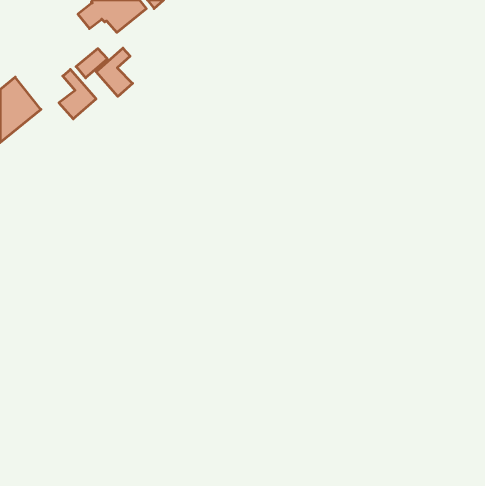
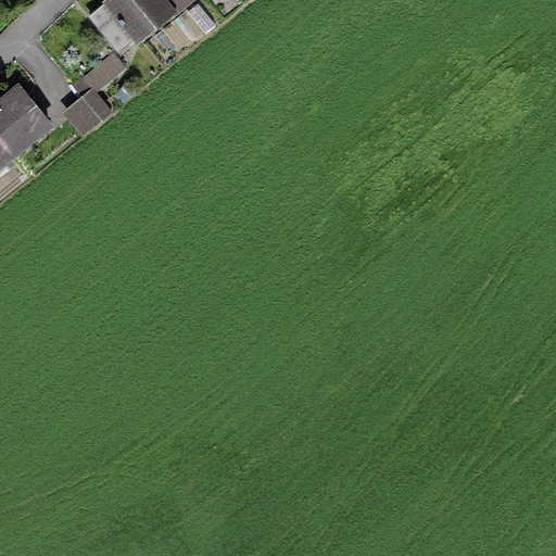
building: [96,48,133,96] -> none

